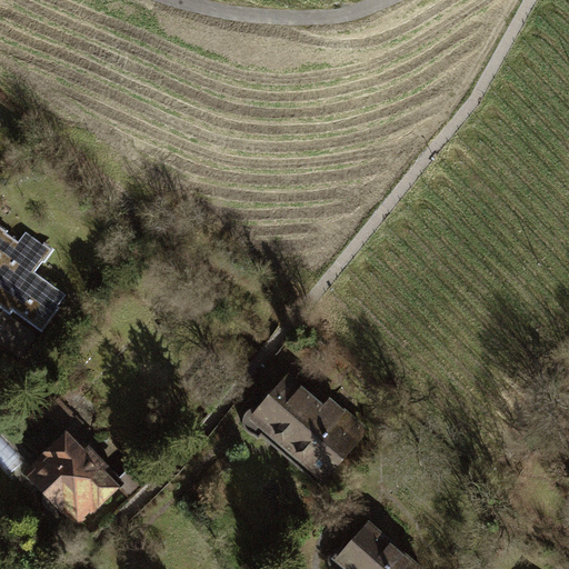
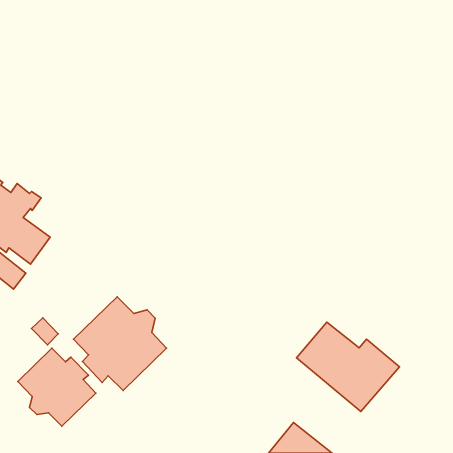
building: none -> [74,297,167,390]
building: [243,373,371,485] -> [297,322,399,412]

